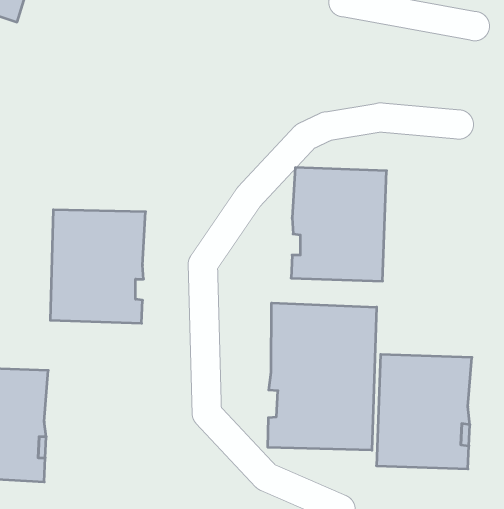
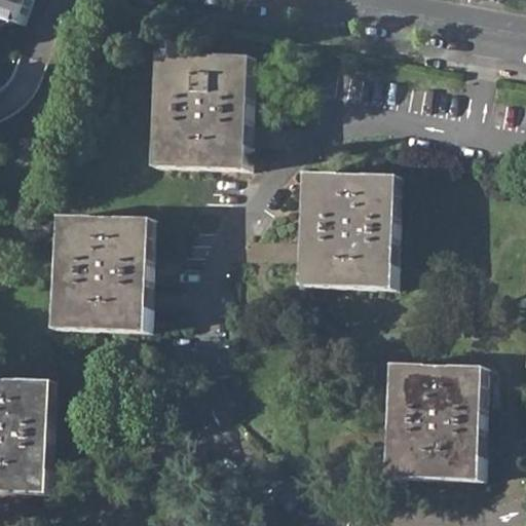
building: none -> [152,39,249,168]
building: [268,303,377,450] -> none

